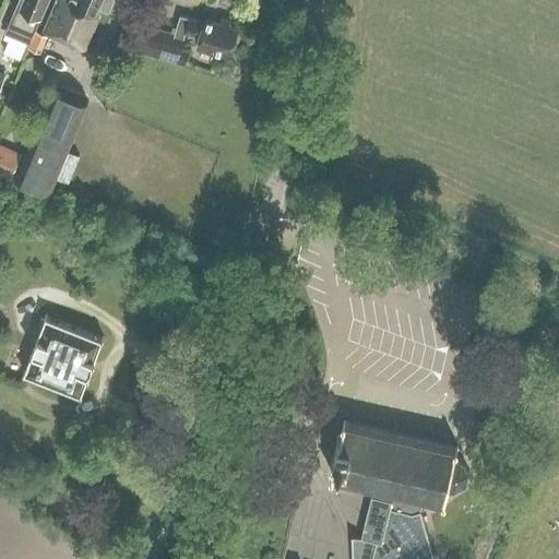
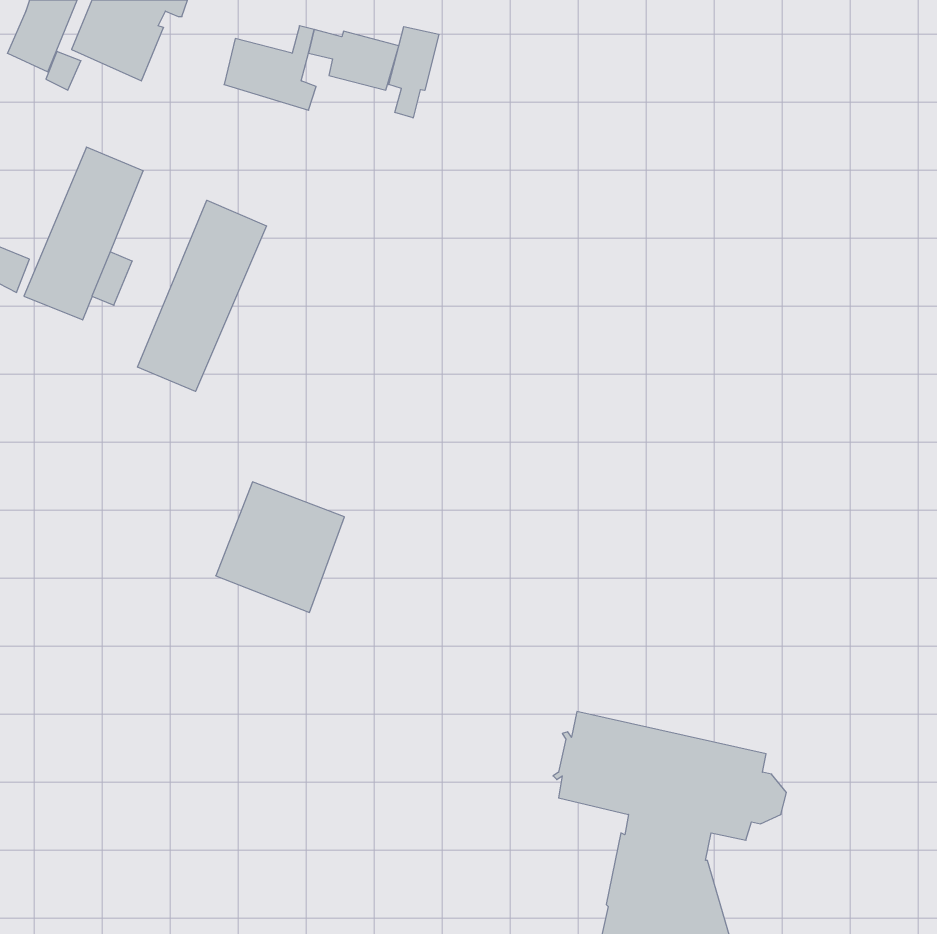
building: none -> [389,27,439,118]
building: none -> [137,200,266,391]
building: [24,319,100,396] -> [216,482,344,612]

